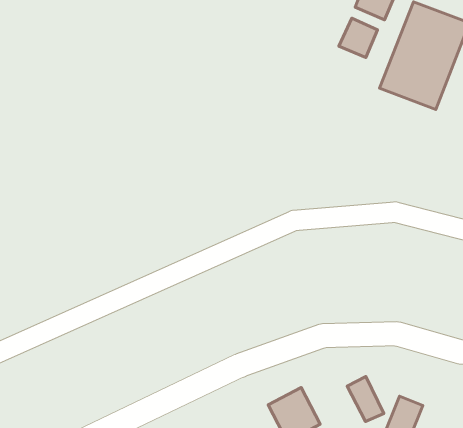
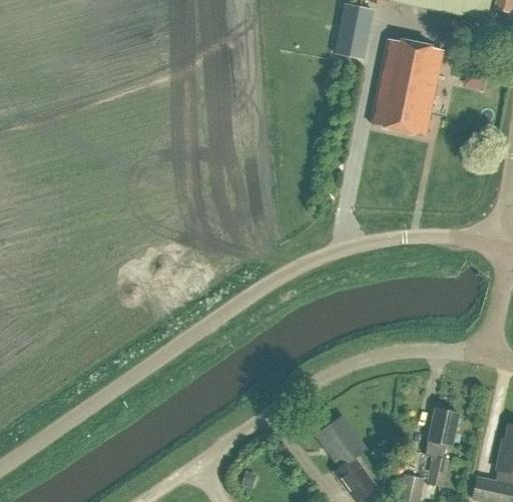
building: [339,18,377,57] -> none
building: [347,376,384,422] -> none

